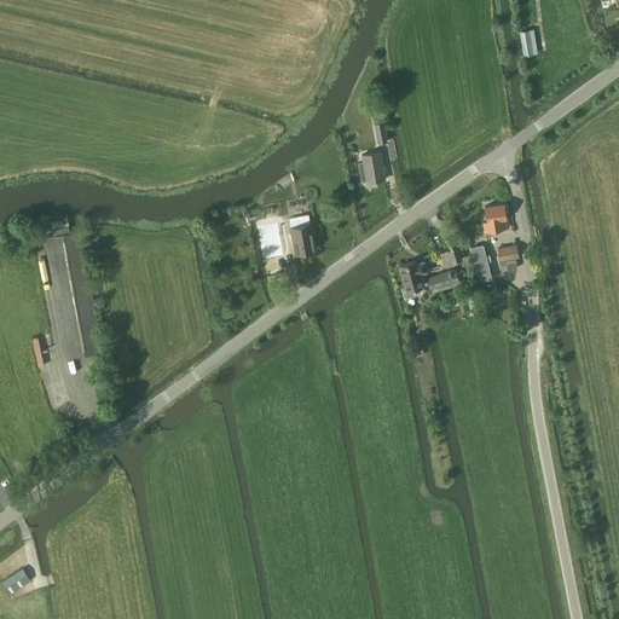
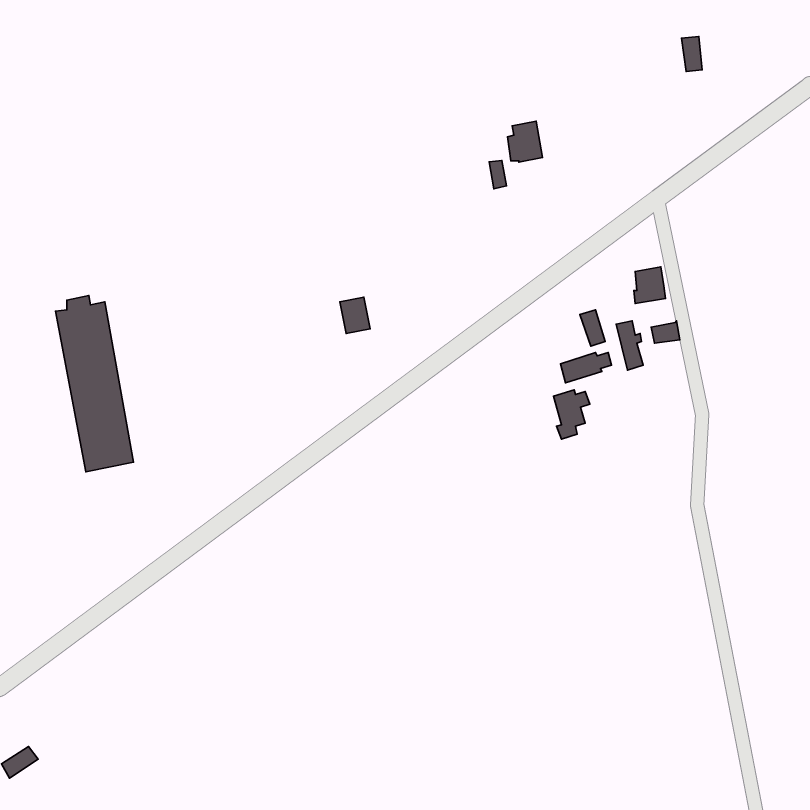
building: [357,152,383,184] -> [508,121,542,162]
building: [289,224,314,254] -> none
building: [398,261,426,299] -> [553,390,590,439]

